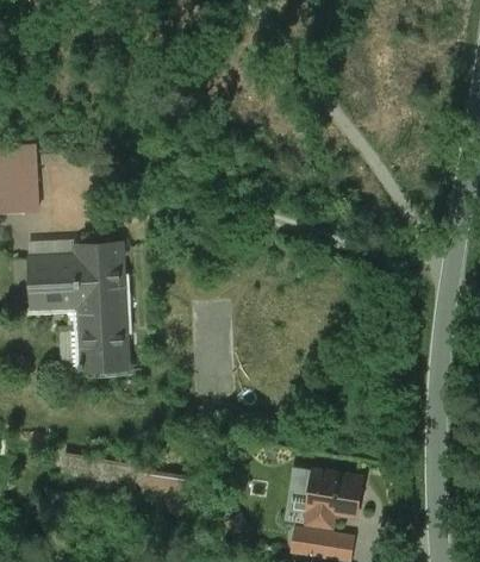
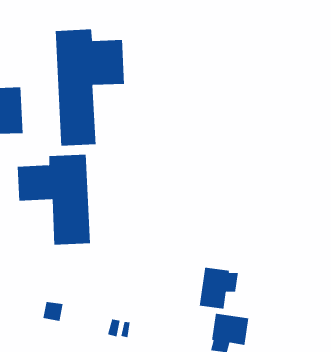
building: none -> [55,29,125,146]
building: none -> [199,267,239,310]

